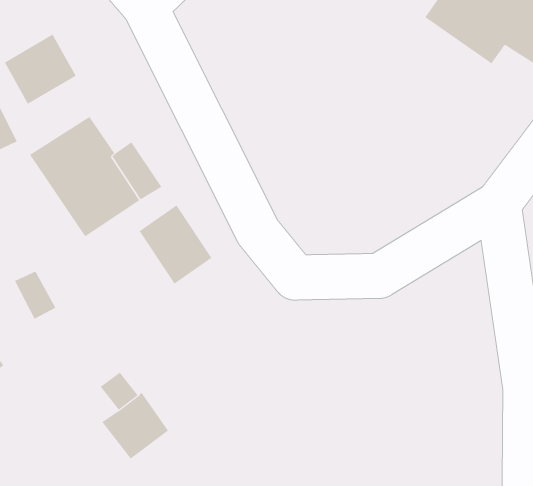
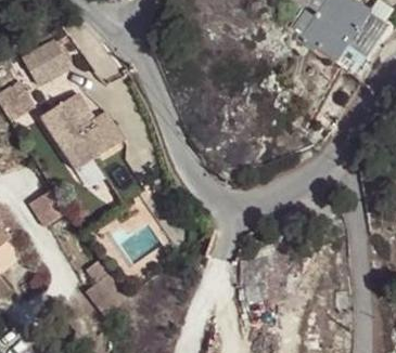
building: [139,204,212,284] -> none

